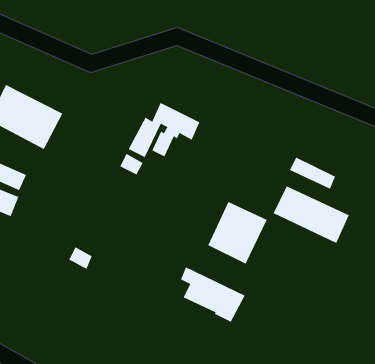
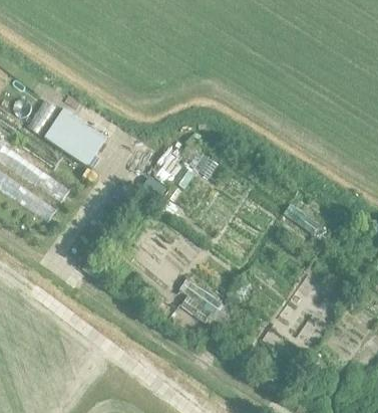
building: [273,186,350,244] -> none
building: [208,201,268,265] -> none

